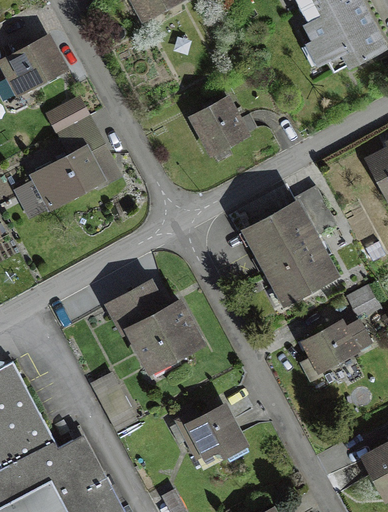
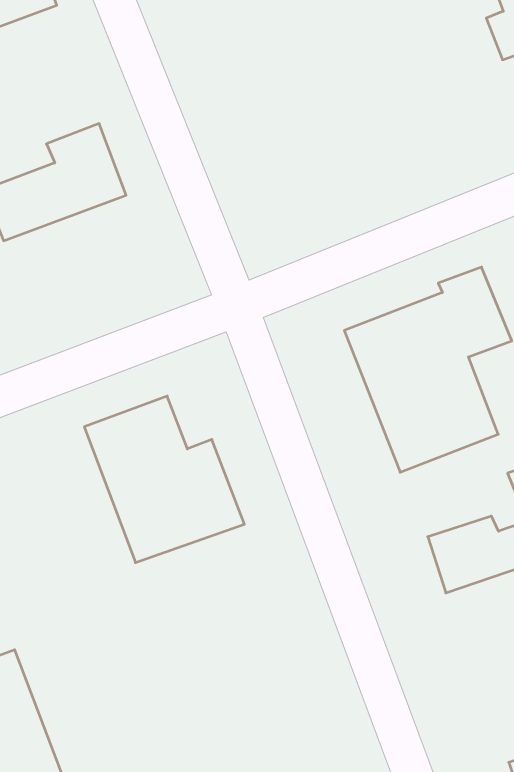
building: [194,100,246,154] -> none
building: [50,102,90,138] -> none
building: [177,406,248,459] -> none

